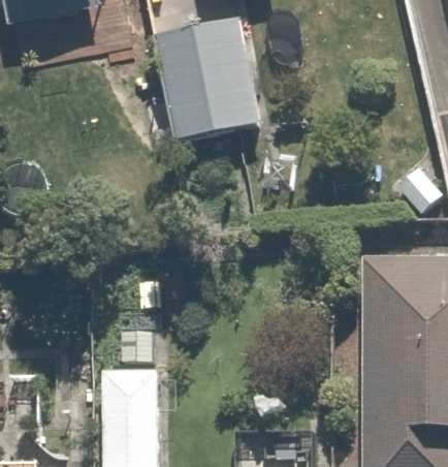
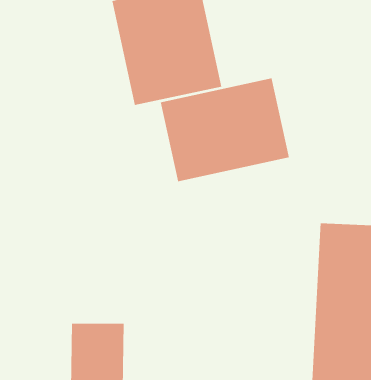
building: none -> [160,78,289,182]

